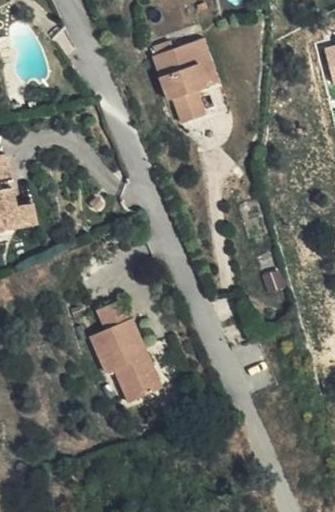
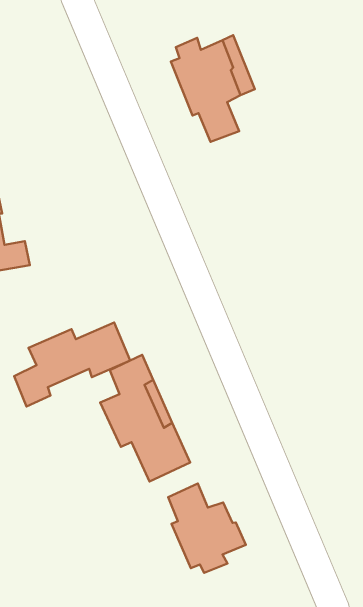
building: none -> [14,323,130,407]
building: none -> [168,484,246,573]

